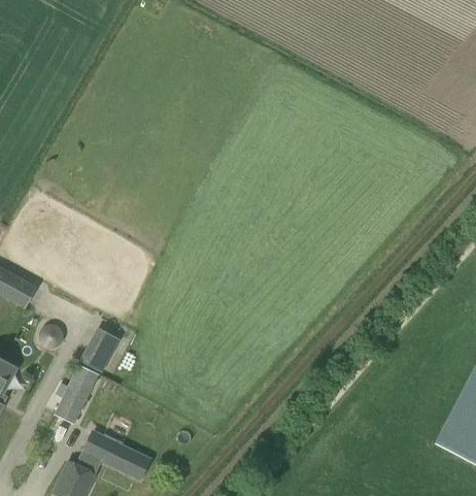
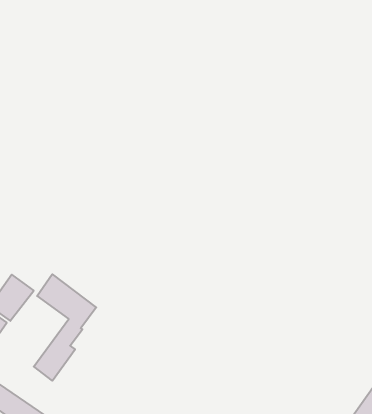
building: none -> [34,274,96,381]

